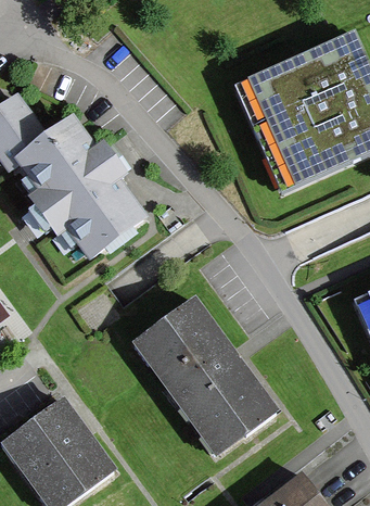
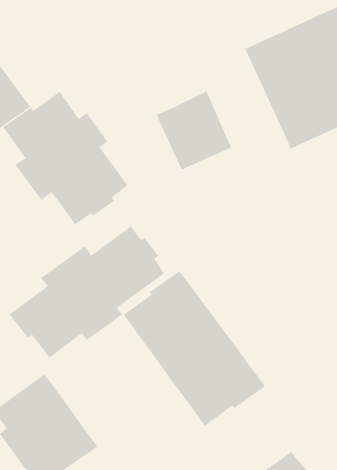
building: none -> [156,91,232,171]
building: none -> [9,226,165,358]

